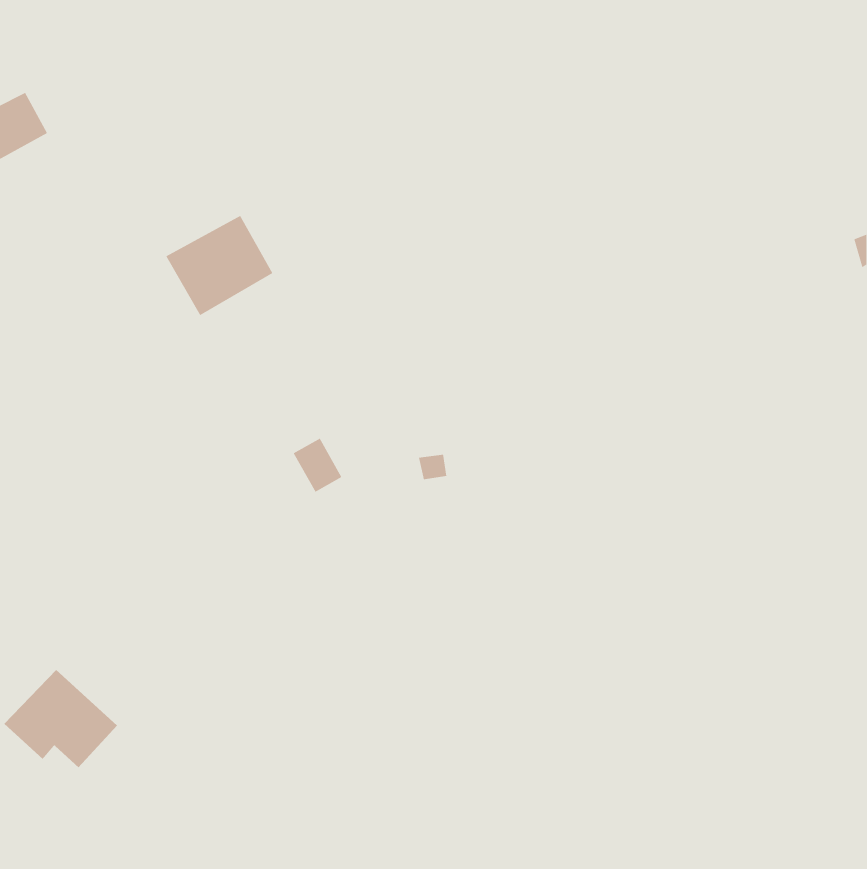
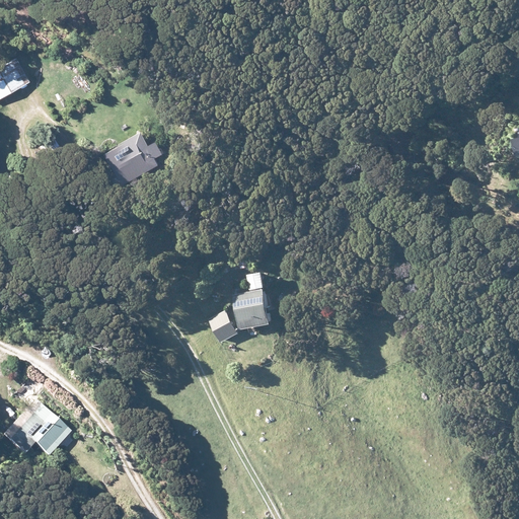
building: [293,438,342,493] -> [208,310,237,343]
building: none -> [233,288,273,327]

